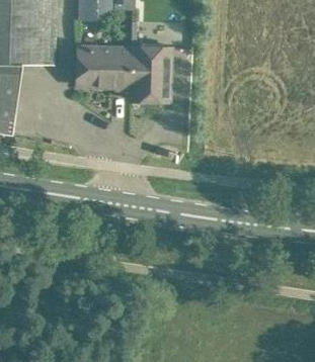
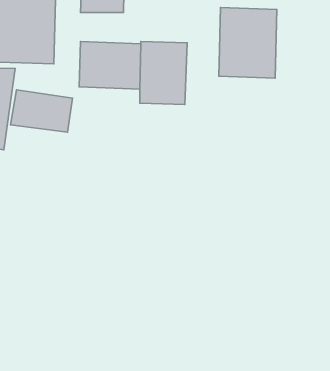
building: none -> [219,7,277,78]
building: none -> [10,90,73,132]

